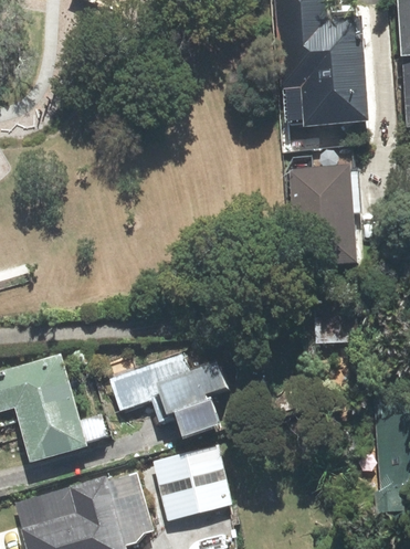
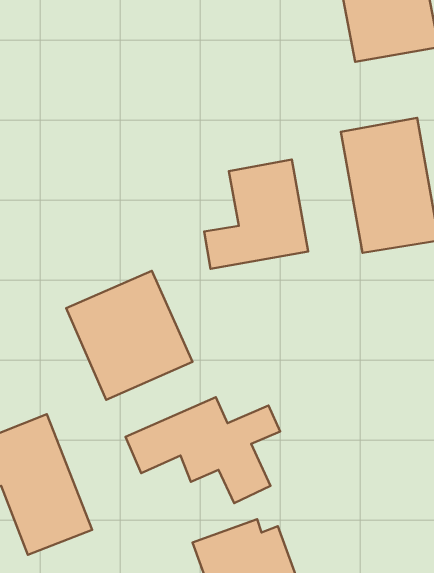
building: none -> [204,160,308,269]
building: none -> [66,271,193,400]

